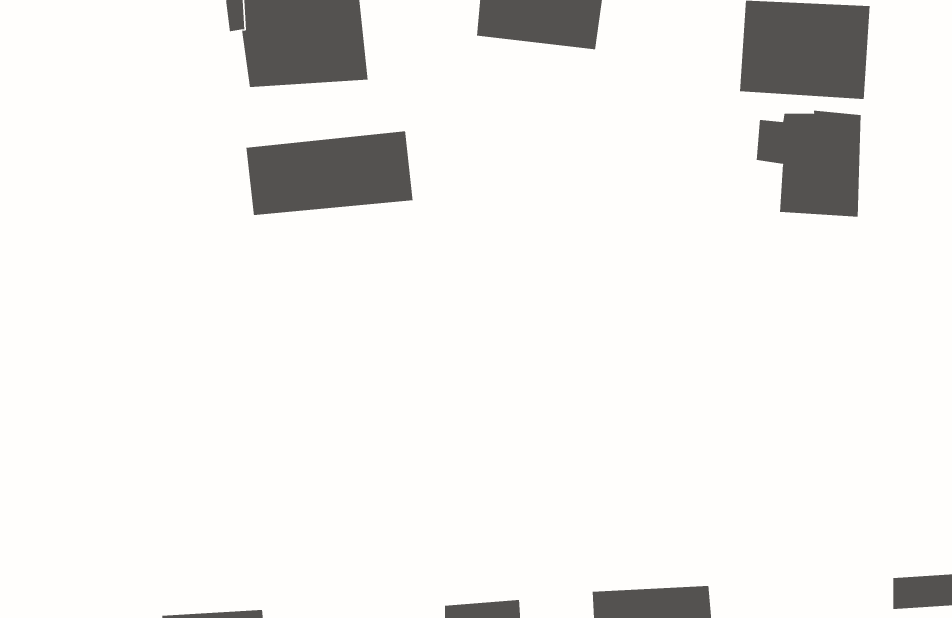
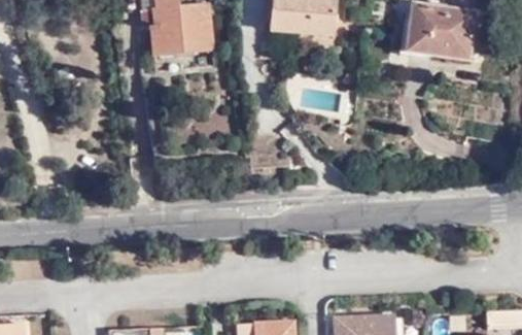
building: [756,110,861,218] -> none
building: [246,130,413,216] -> none

